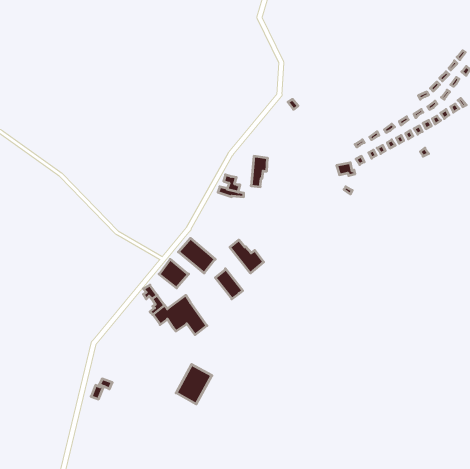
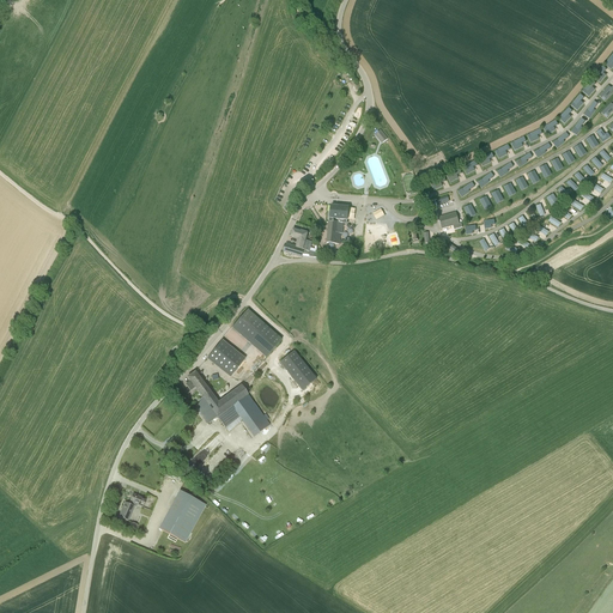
building: [230,240,264,273] -> none
building: [176,364,212,404] -> [159,490,206,541]

